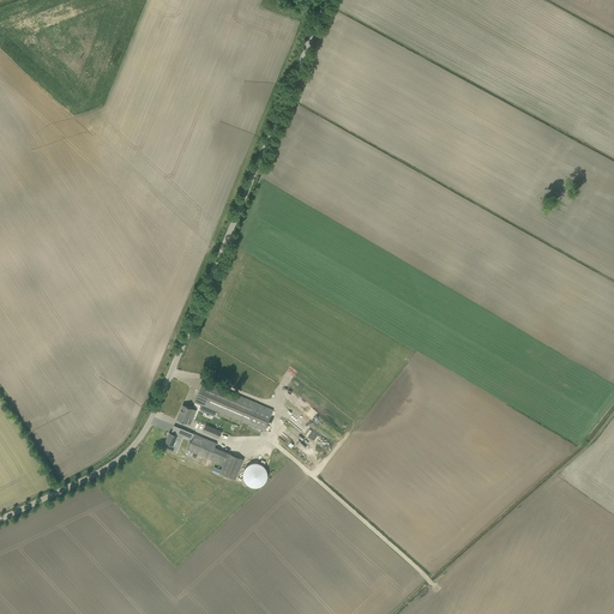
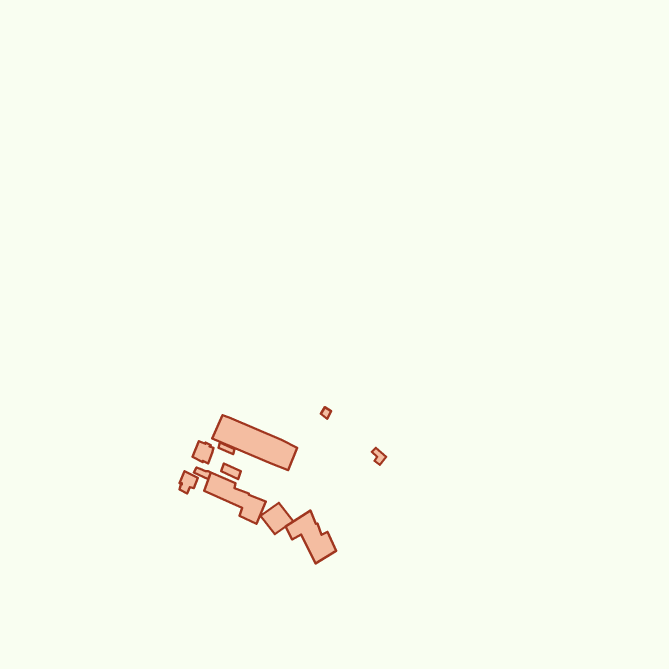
building: none -> [285,510,336,563]

